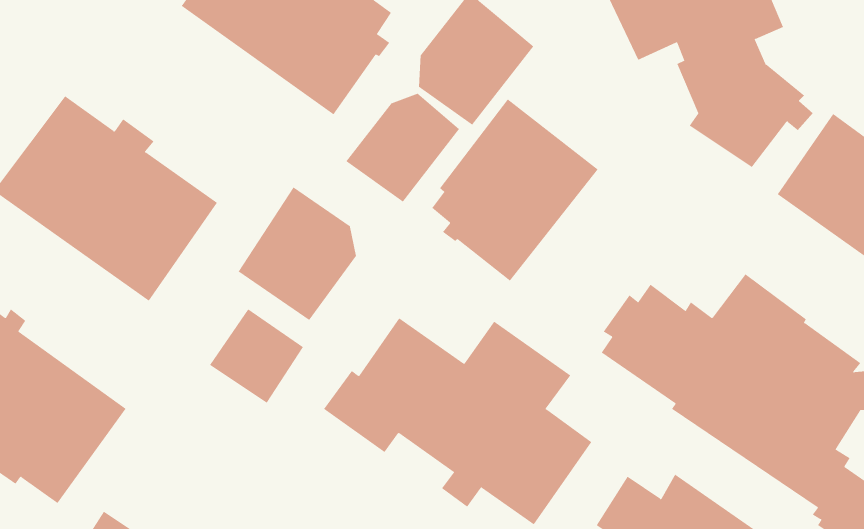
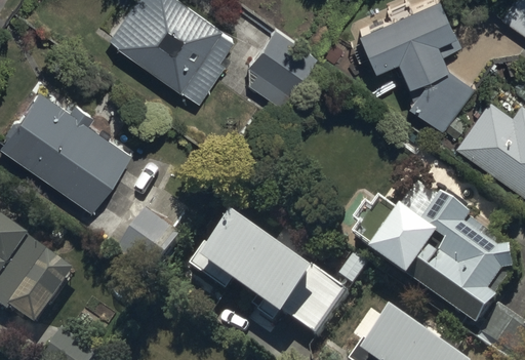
building: [345,93,460,203] -> none
building: [432,98,599,282] -> none
building: [238,186,357,321] -> none

